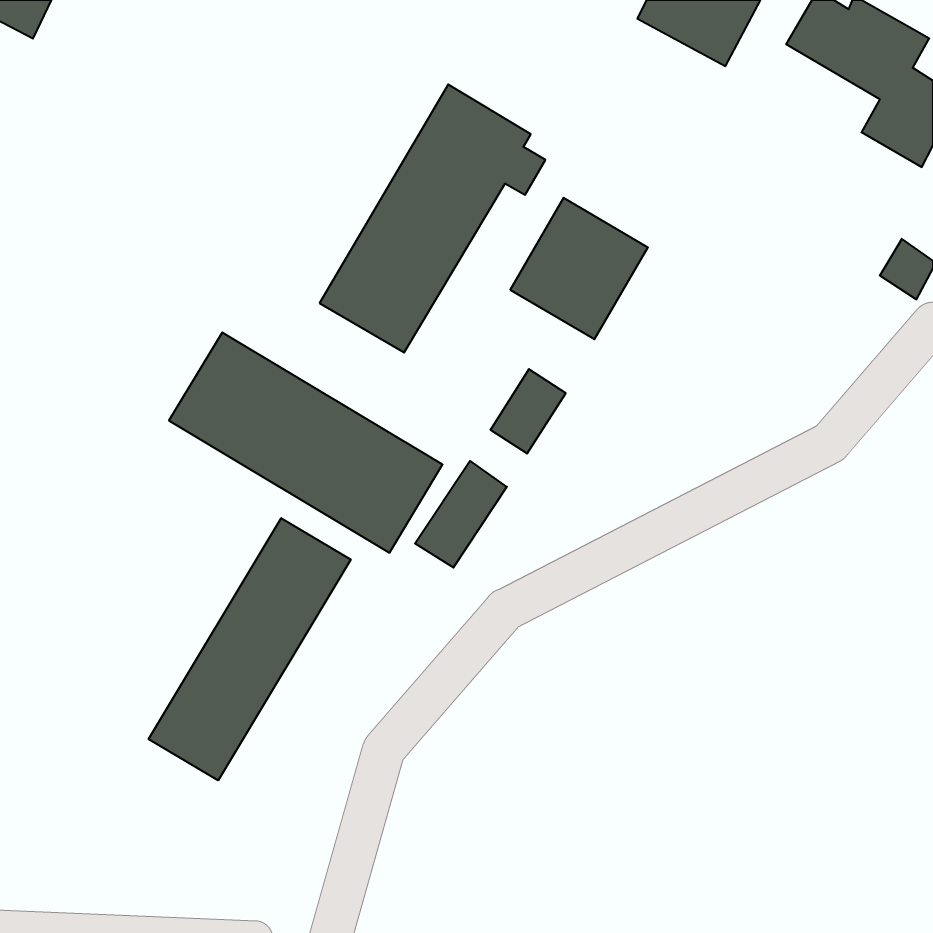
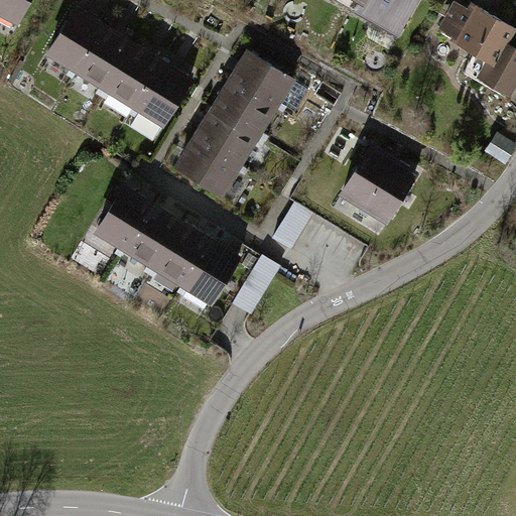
building: none -> [44,7,192,129]
building: [510,198,648,339] -> [341,146,416,224]
building: [149,518,351,780] -> none

